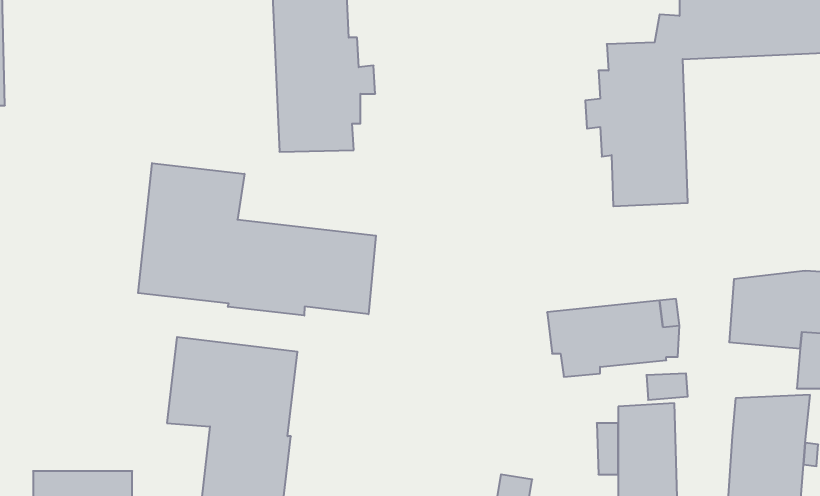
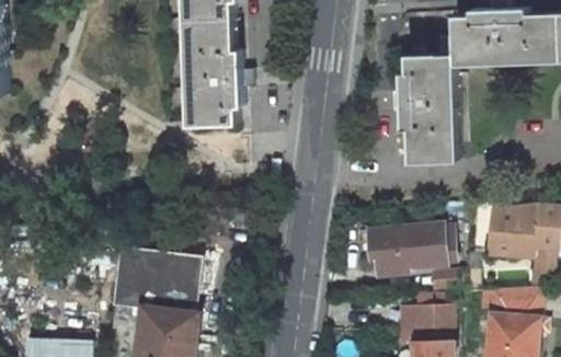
building: [138,163,376,316] -> none

